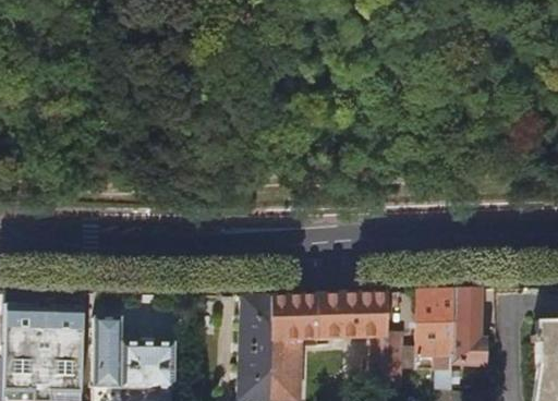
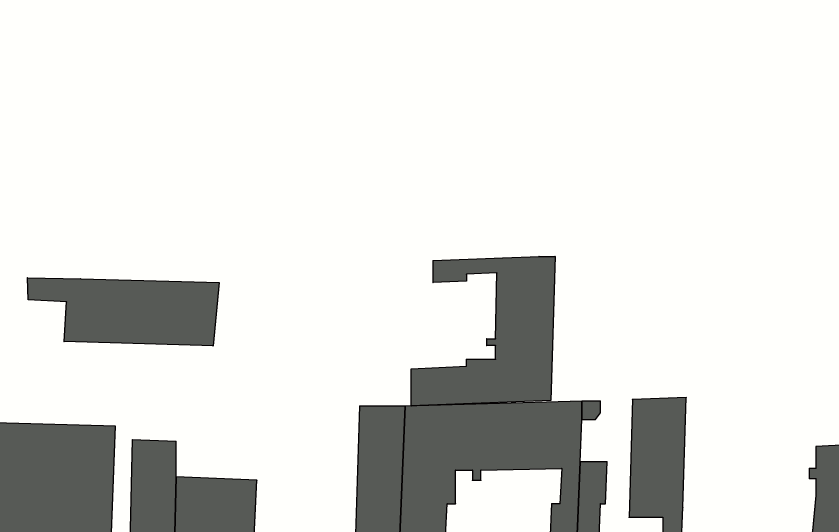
building: none -> [411,256,555,406]
building: none -> [27,278,219,346]
building: [452,291,485,364] -> none

